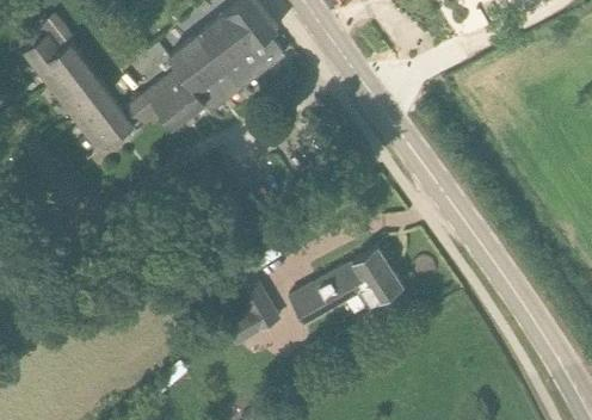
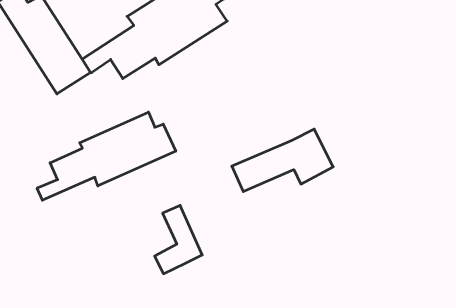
building: none -> [37,112,176,200]
building: [288,245,402,322] -> [232,129,333,192]

